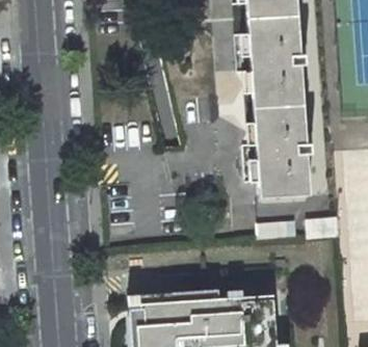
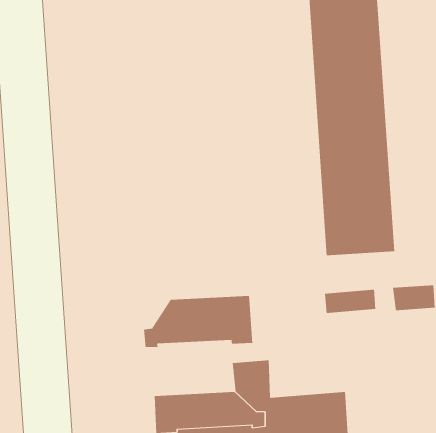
building: none -> [144,295,253,348]

